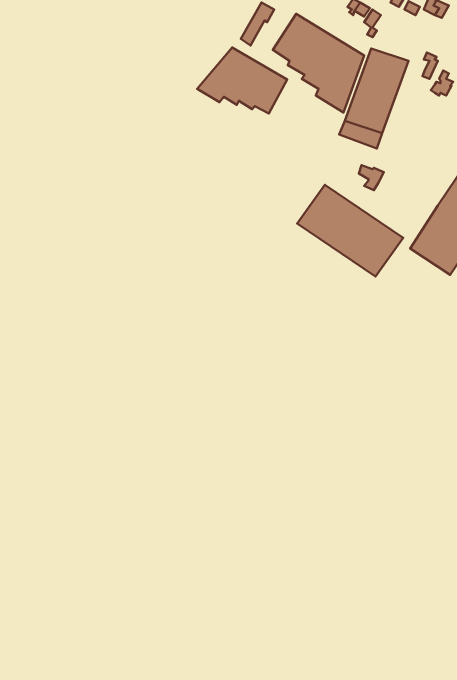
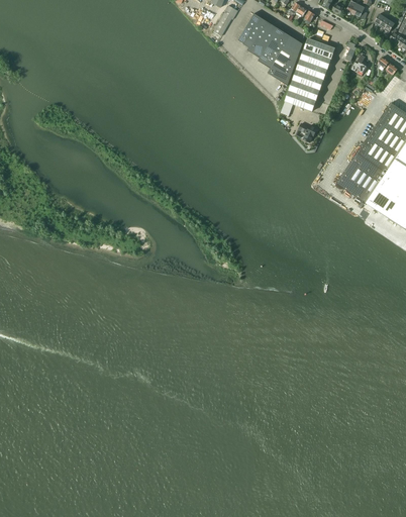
building: [197,48,287,113] -> none
building: [297,185,403,277] -> none

